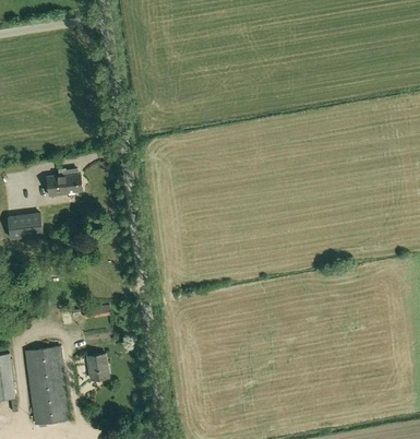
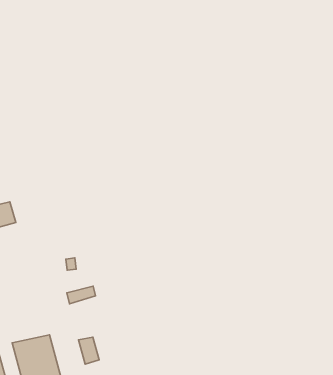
building: [47,168,82,195] -> none

